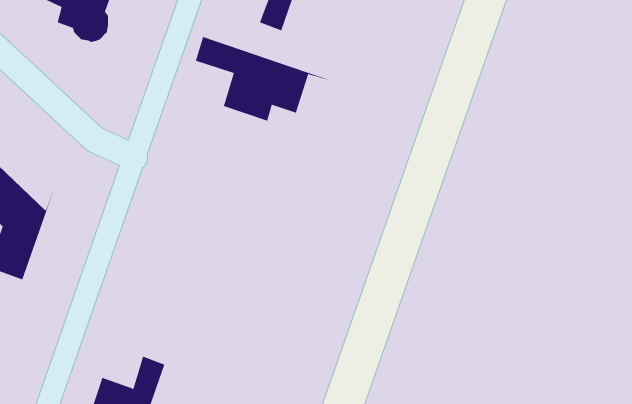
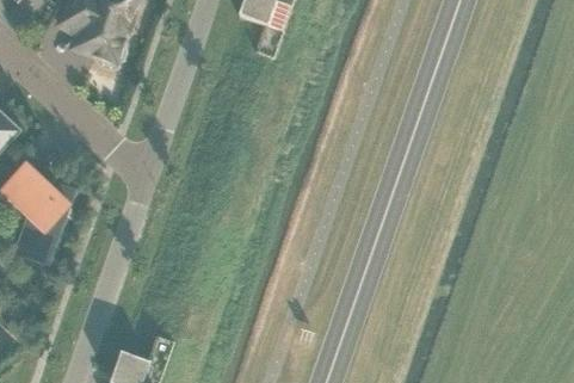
building: [195,36,332,121] -> none

